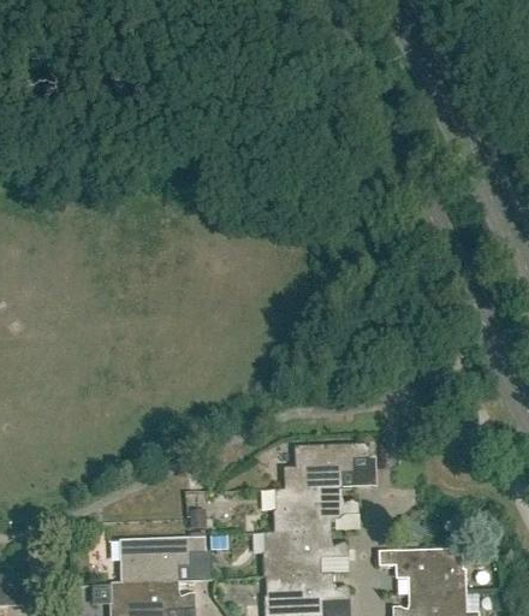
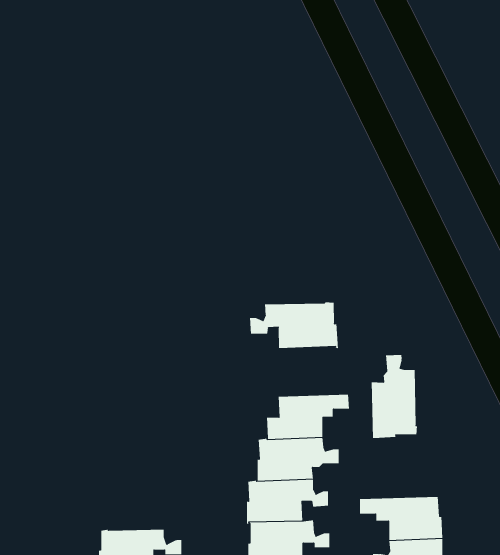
building: none -> [249,301,338,349]
building: none -> [371,354,417,439]
building: [120,541,207,588] -> none

